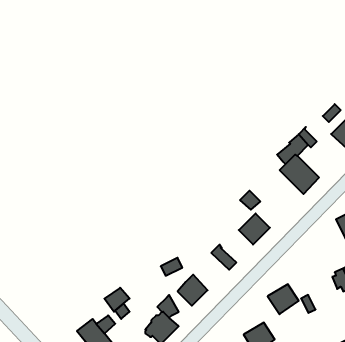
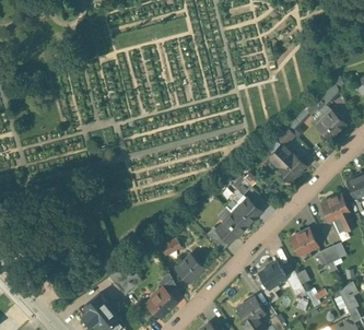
building: none -> [215,213,245,243]
building: none -> [290,228,318,261]

